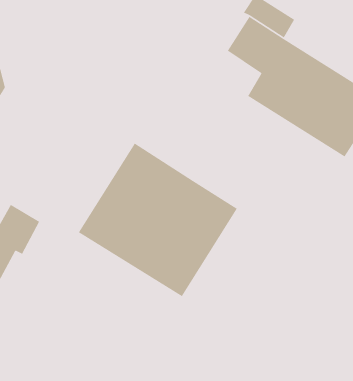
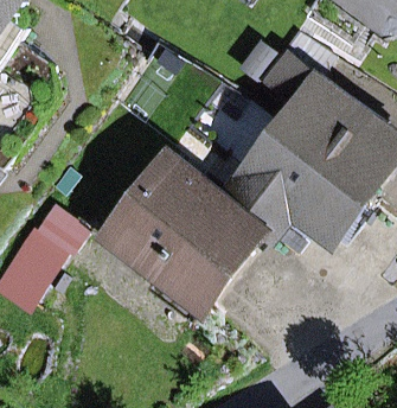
building: none -> [217,128,360,241]

